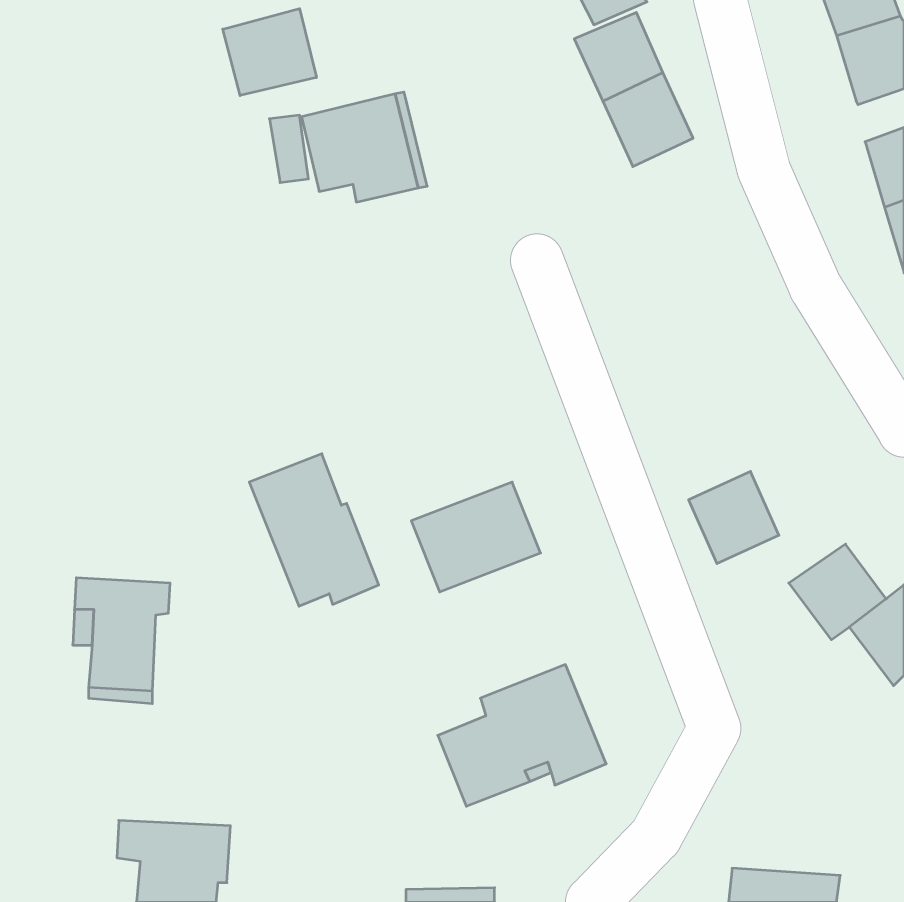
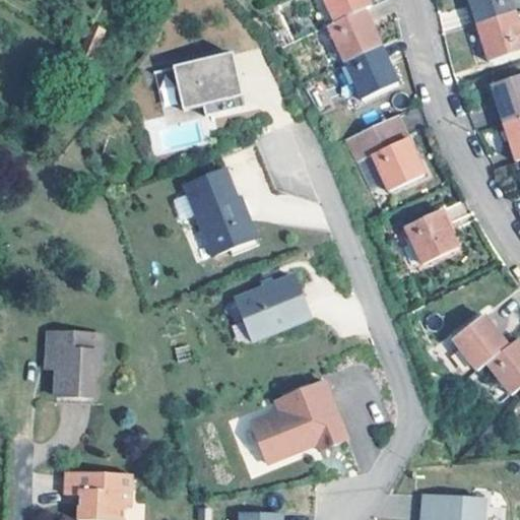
building: [223,9,316,96] -> none
building: none -> [350,111,428,187]
building: [249,454,379,606] -> [180,171,254,258]
building: [689,471,779,564] -> [408,209,460,262]

